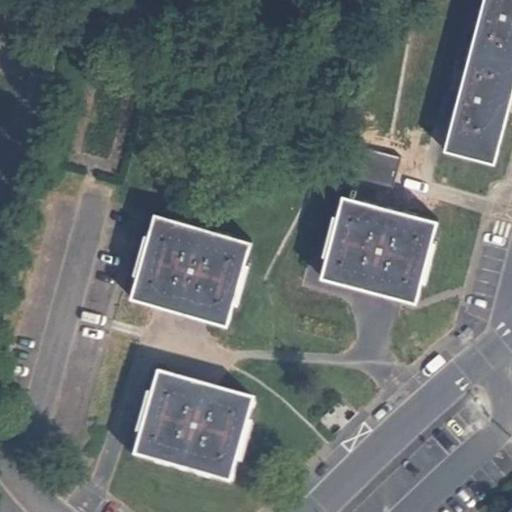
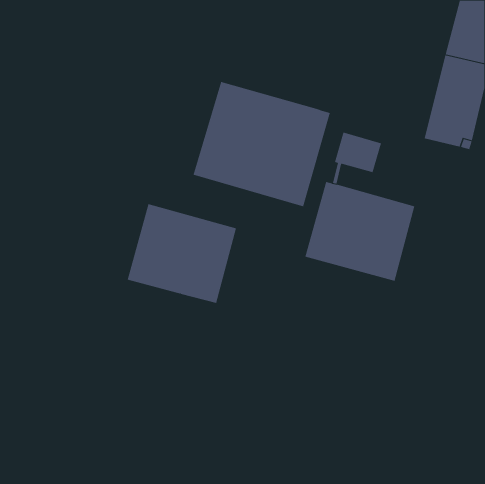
building: none -> [193,81,330,207]
building: [134,375,254,484] -> none

